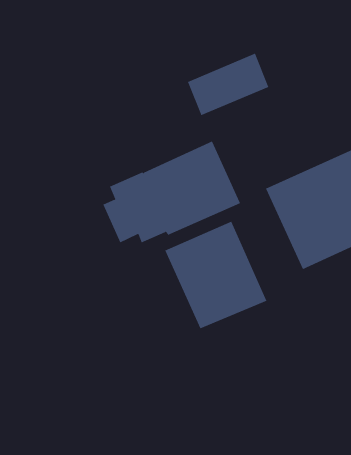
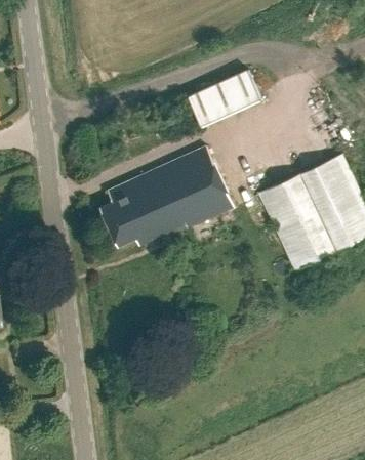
building: [165,221,267,329] -> none

